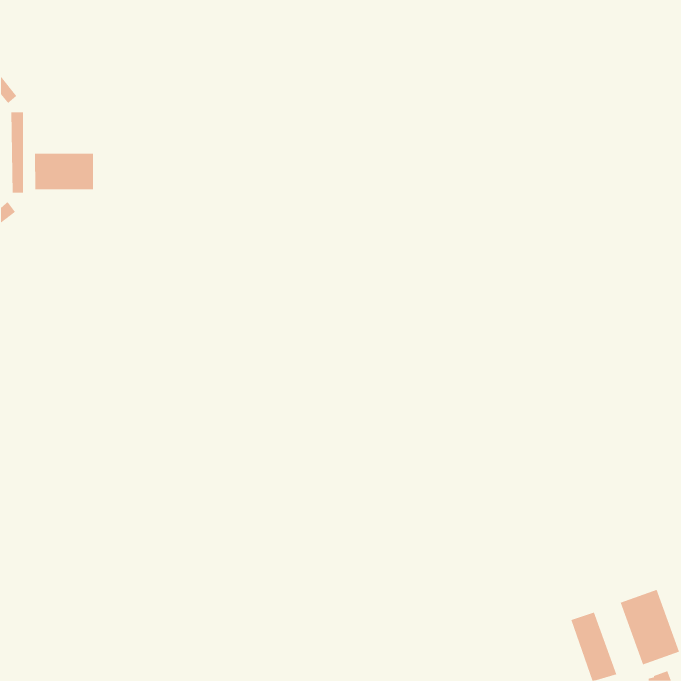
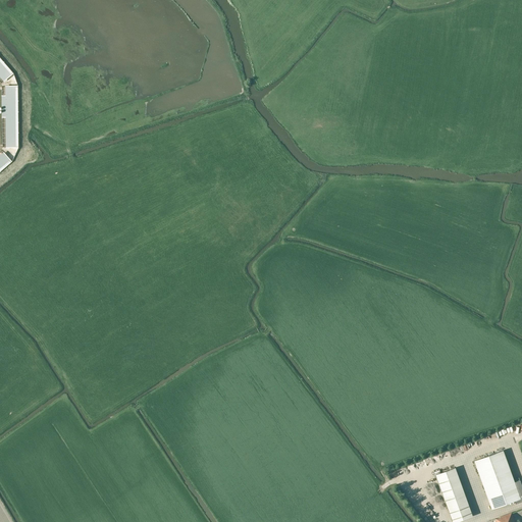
building: [35,153,93,190] -> none

